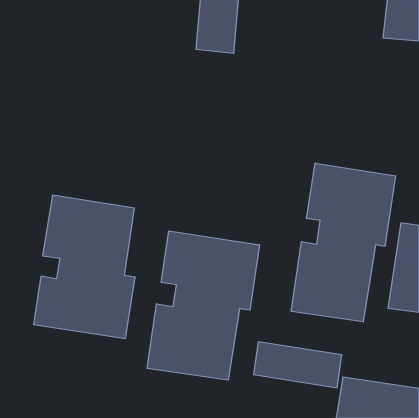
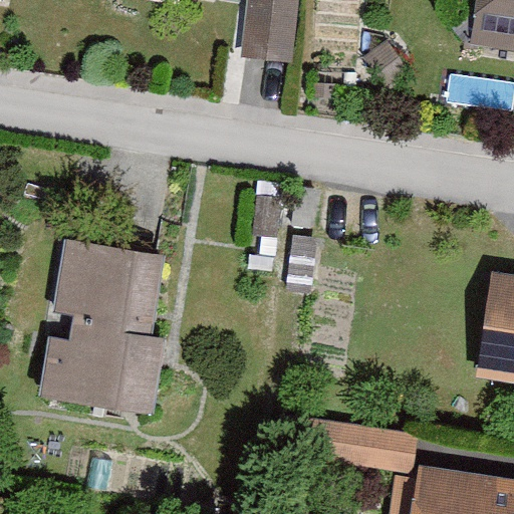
building: [291,163,396,322] -> none
building: [147,231,259,380] -> none

